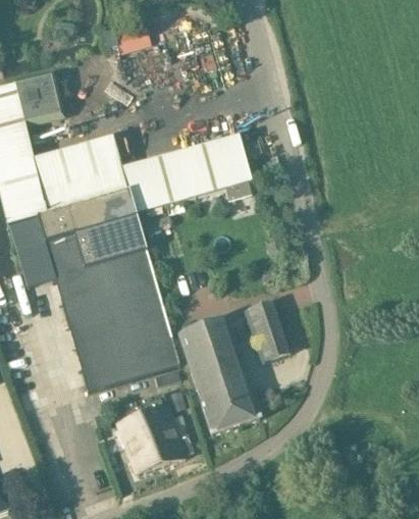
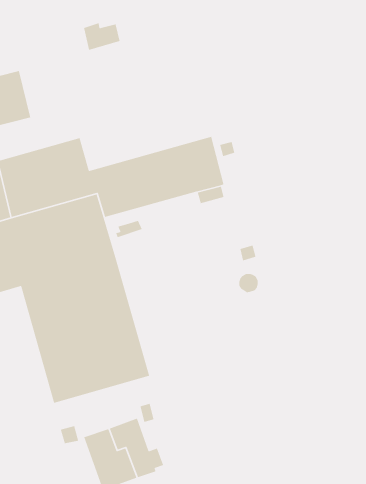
building: [245,302,291,362] -> none
building: [178,318,260,433] -> none

